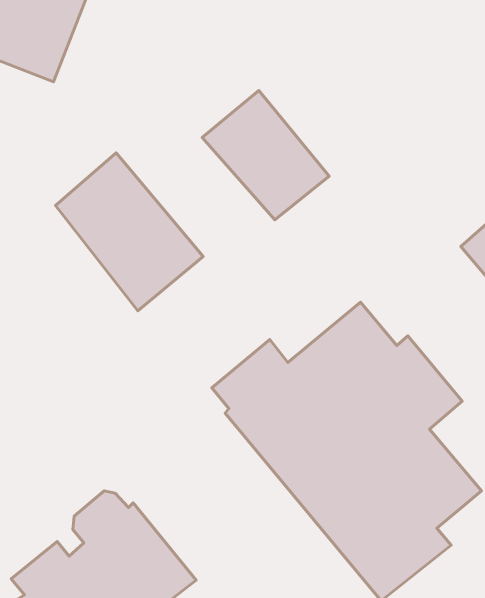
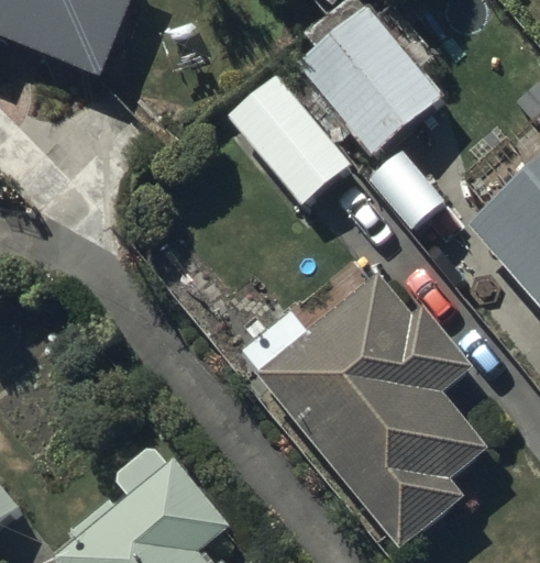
building: none -> [283,5,440,155]
building: [55,153,203,311] -> none

